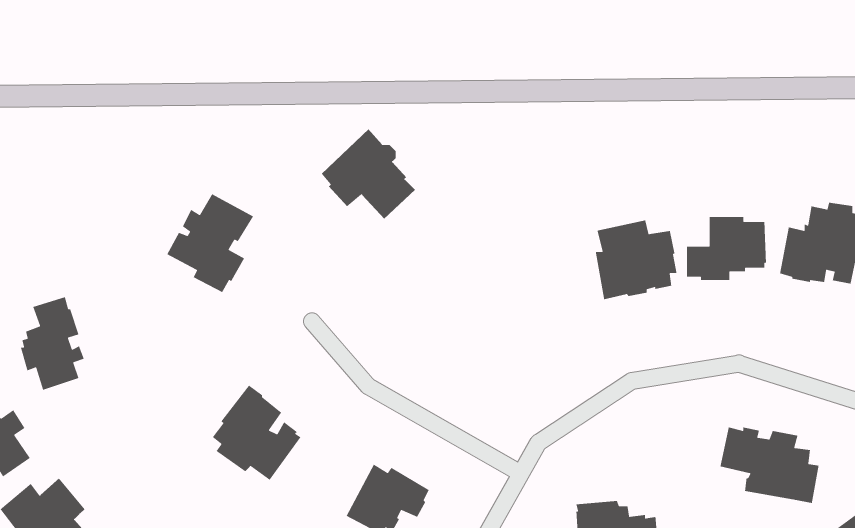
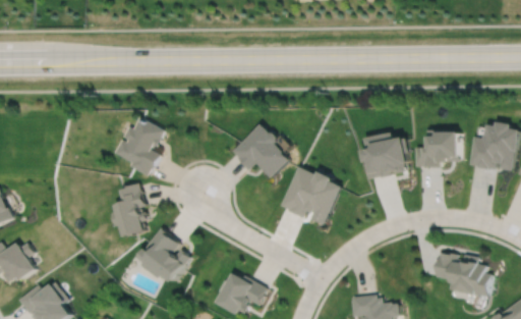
building: [321,128,416,220] -> [232,124,287,177]
building: none -> [279,167,340,225]
building: [20,296,85,391] -> [111,183,149,238]

